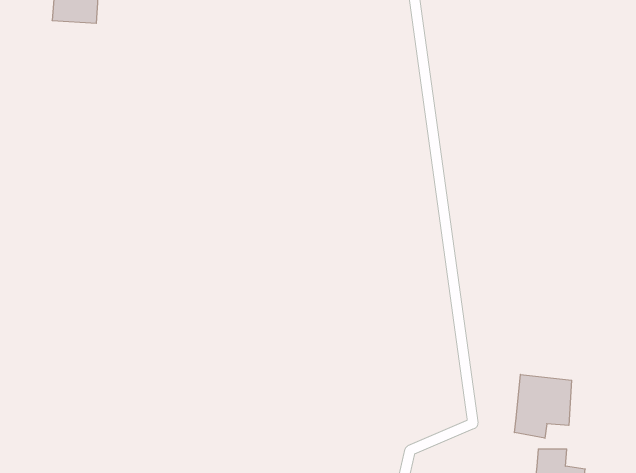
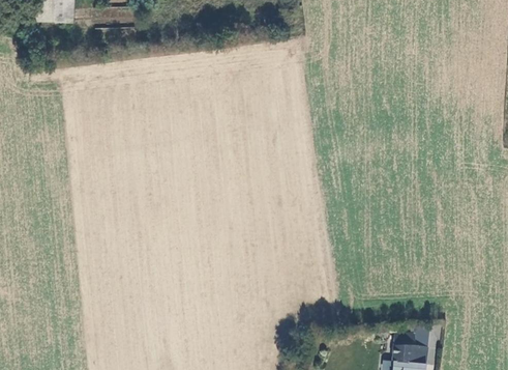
building: [514,374,572,438] -> none

